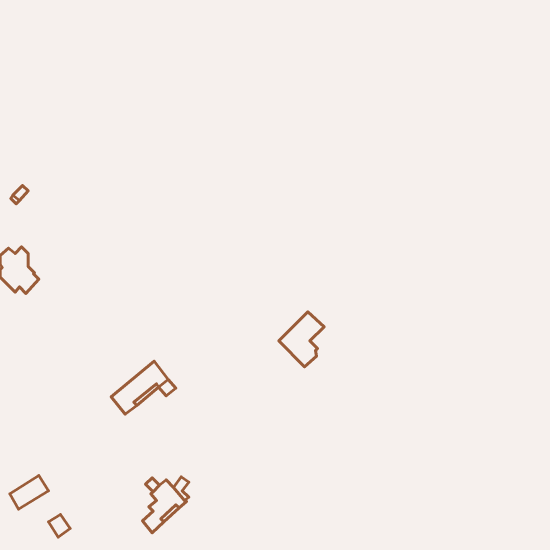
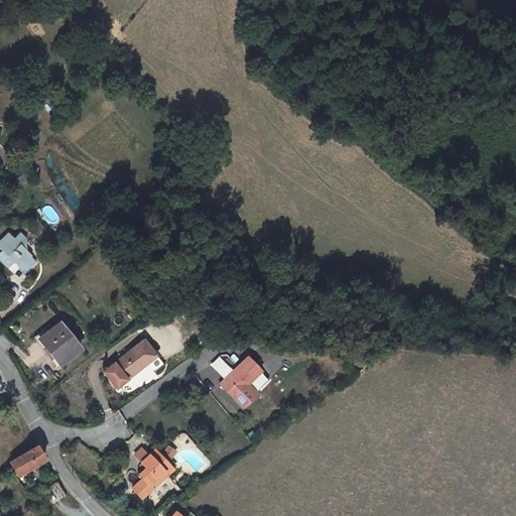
building: [279,312,324,367] -> [221,356,263,407]
building: none -> [40,322,81,365]

